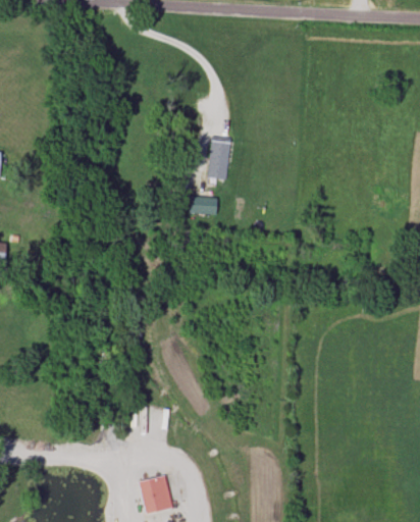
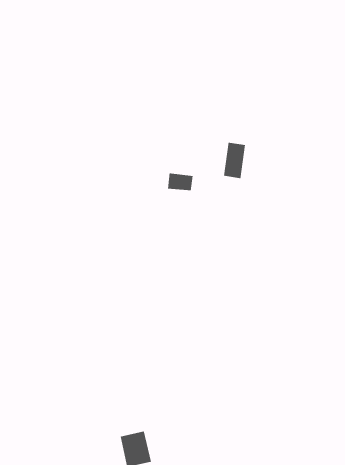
building: [206,140,230,179] -> [223,142,246,179]

